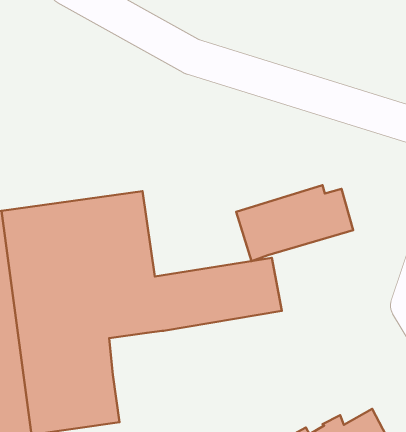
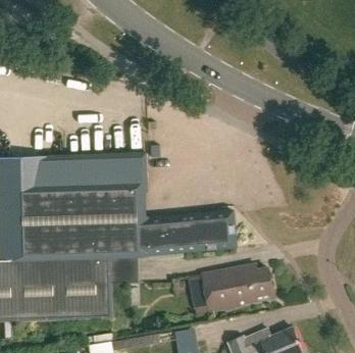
building: [236,185,353,261] -> [189,265,271,314]
building: none -> [109,254,137,282]

